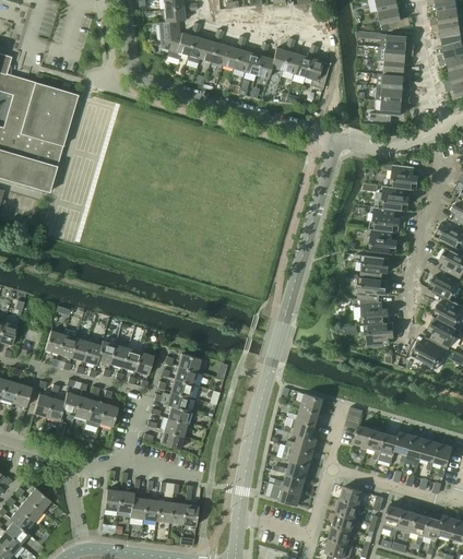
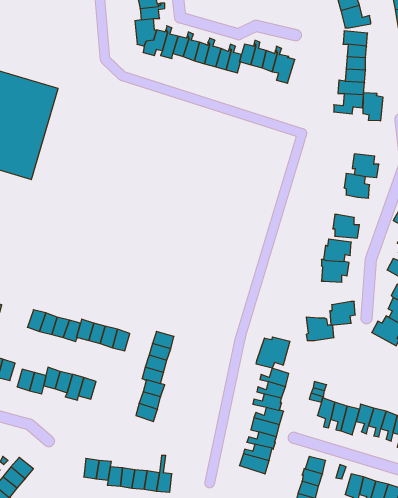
building: none -> [363,93,383,121]
building: [372,207,401,233] -> none
building: [360,300,390,325] -> [306,317,334,341]
building: none -> [256,337,290,368]

